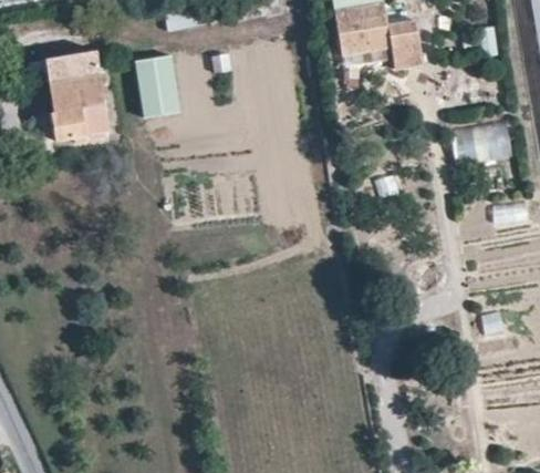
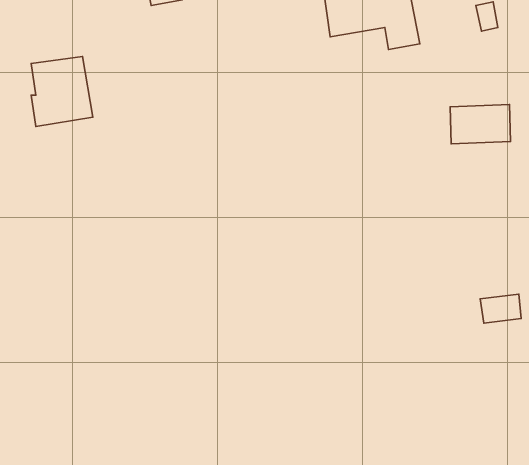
building: [50,53,102,86] -> none
building: [135,58,180,119] -> none

